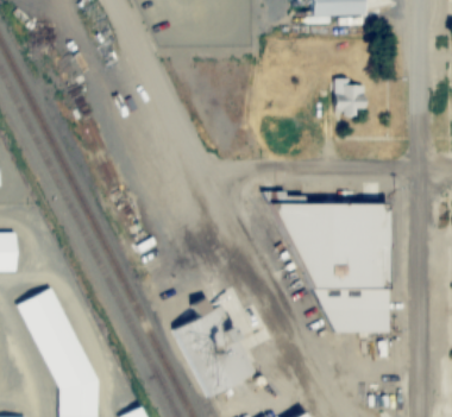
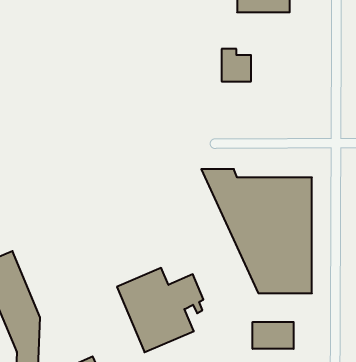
building: [333,78,366,115] -> [222,49,251,81]
building: none -> [253,322,294,349]

